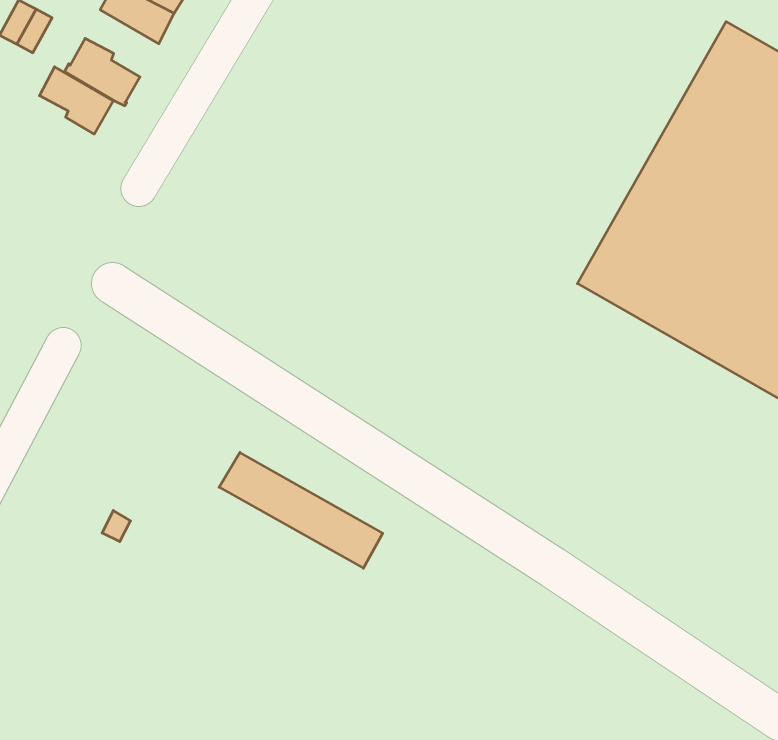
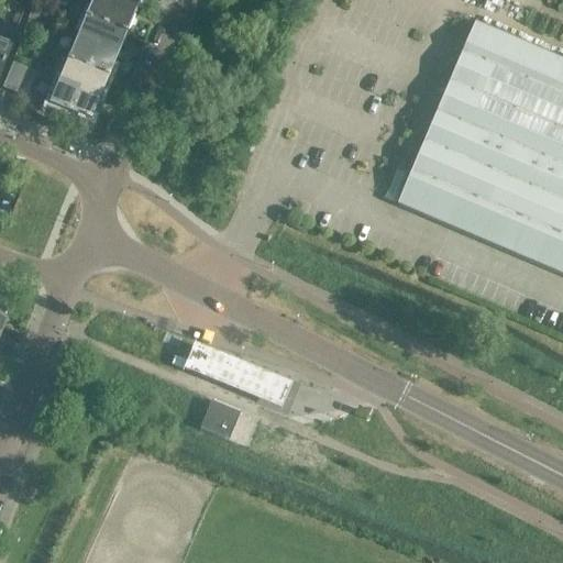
building: [39,67,113,134] -> [58,59,107,100]
building: none -> [200,399,239,437]

